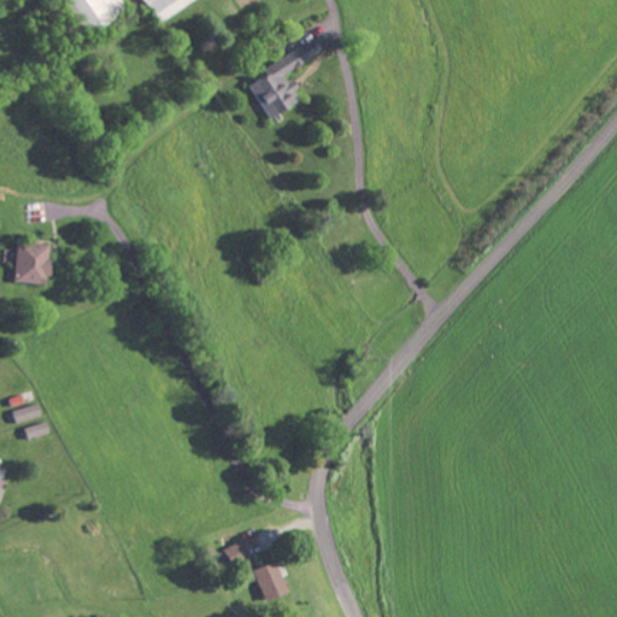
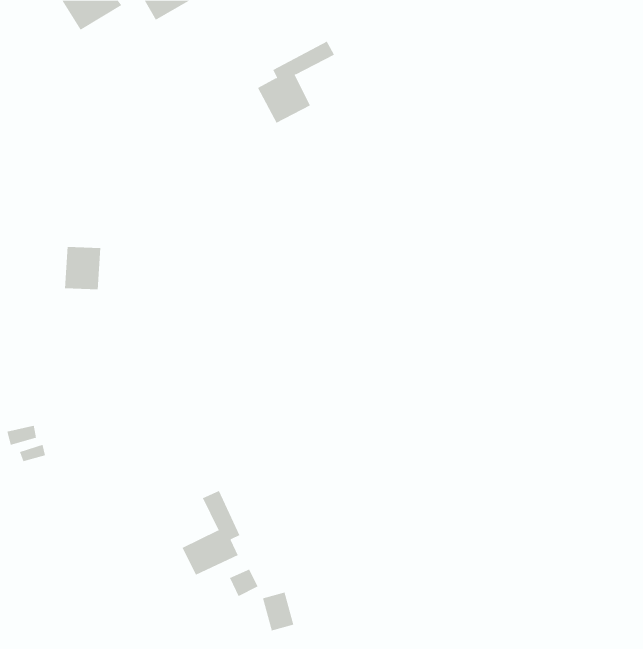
building: [14,242,49,283] -> [64,246,101,290]
building: none -> [182,490,240,576]

